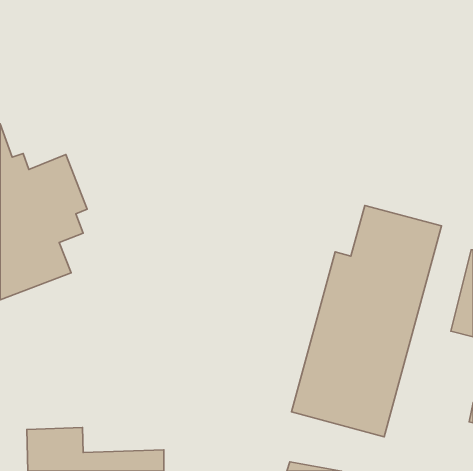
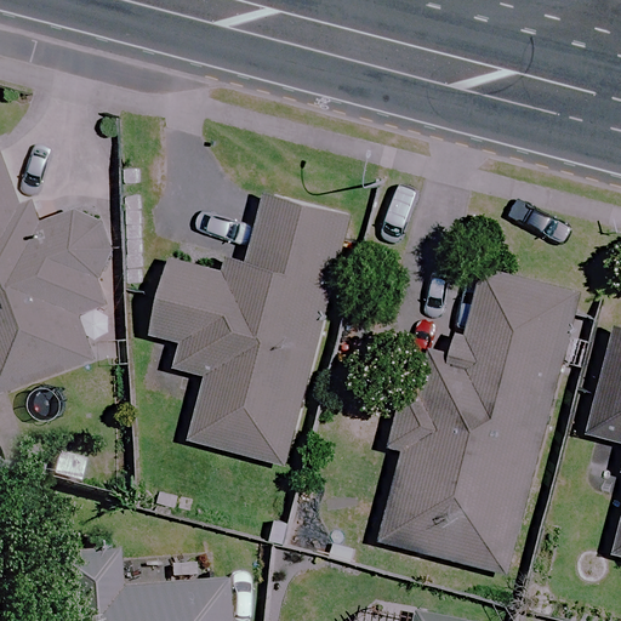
building: none -> [148,201,335,466]

